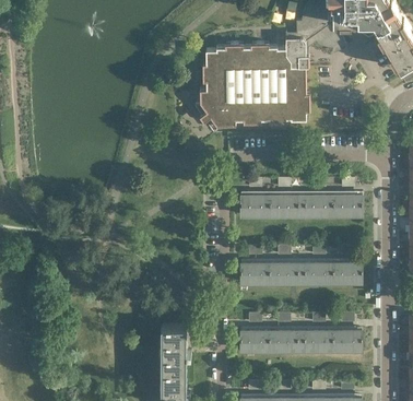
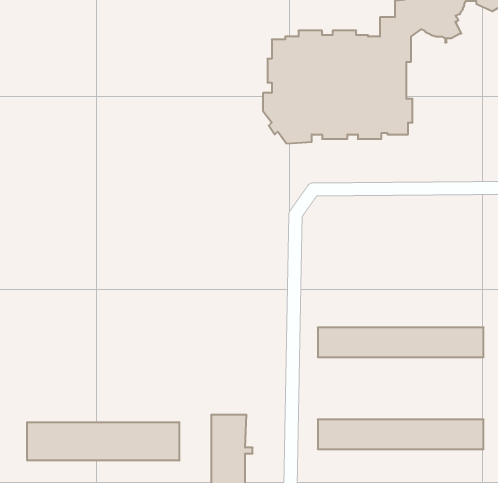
building: [241,193,363,215] -> none
building: none -> [27,422,179,461]

